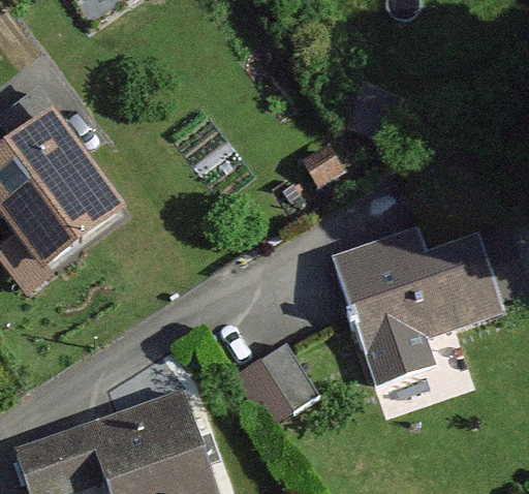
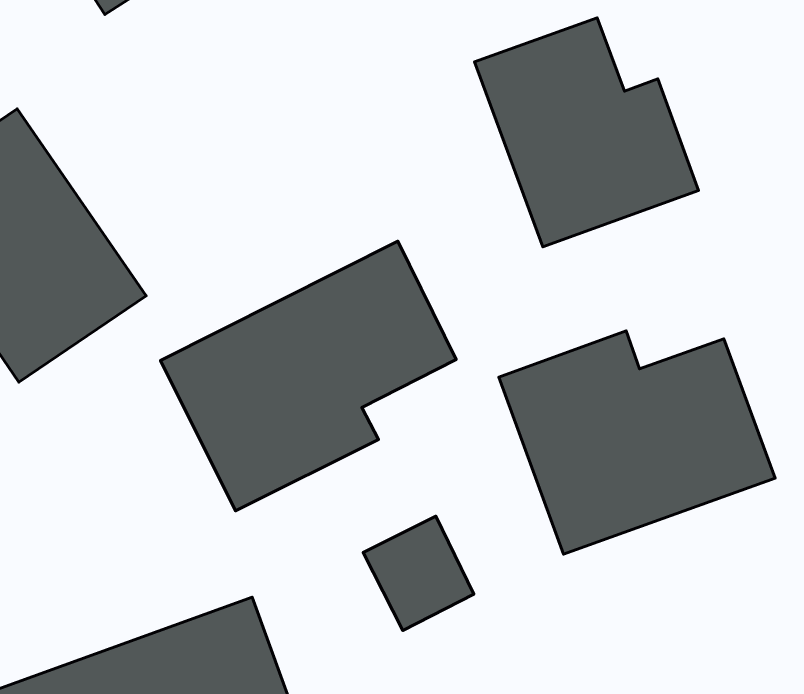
building: none -> [475,18,698,247]
building: none -> [161,241,456,511]

